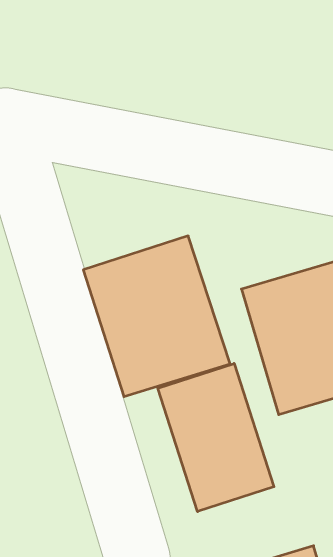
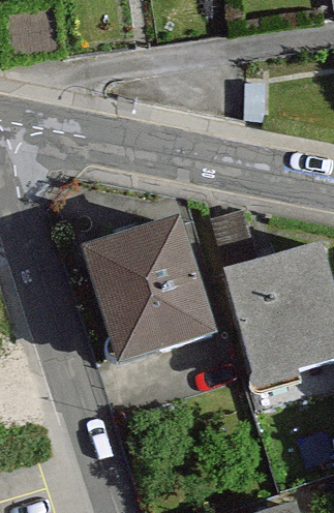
building: [158,363,274,512] -> none

